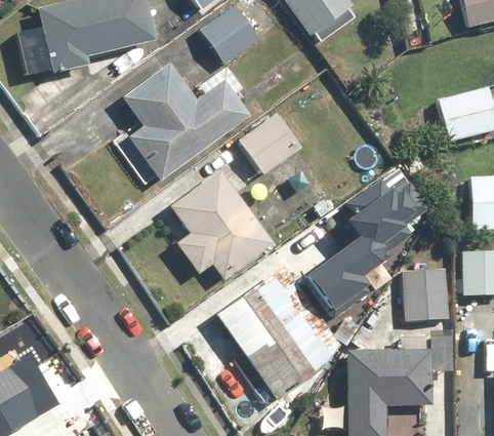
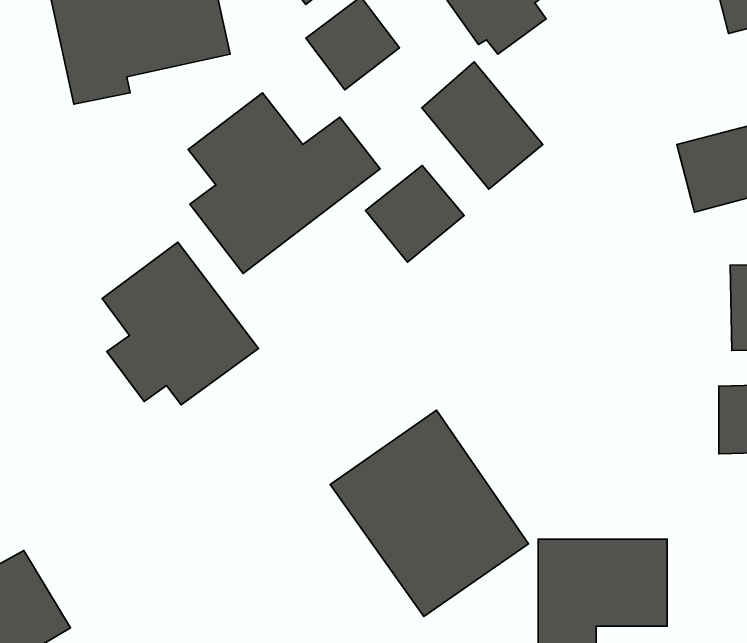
building: none -> [422,62,543,189]
building: [303,166,425,312] -> none
building: [173,173,273,277] -> [102,242,259,405]
building: [407,272,447,319] -> none

